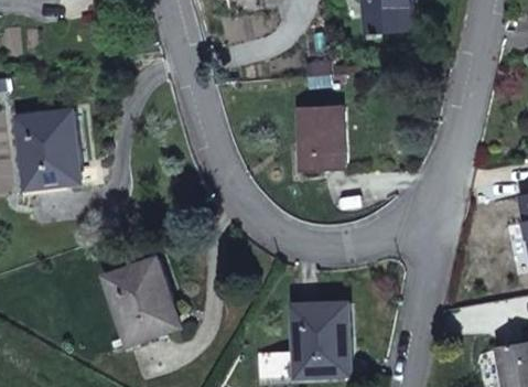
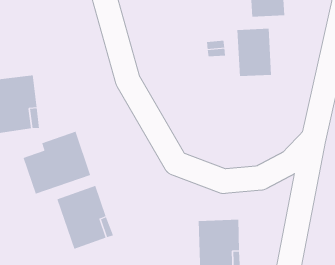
building: [297,106,344,171] -> [237,28,272,77]
building: none -> [23,131,91,195]

